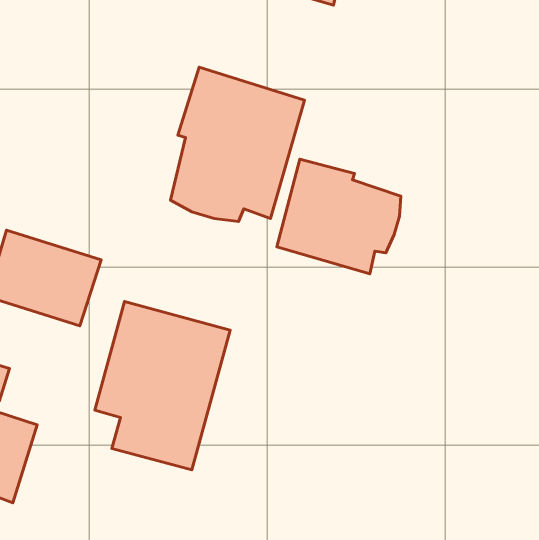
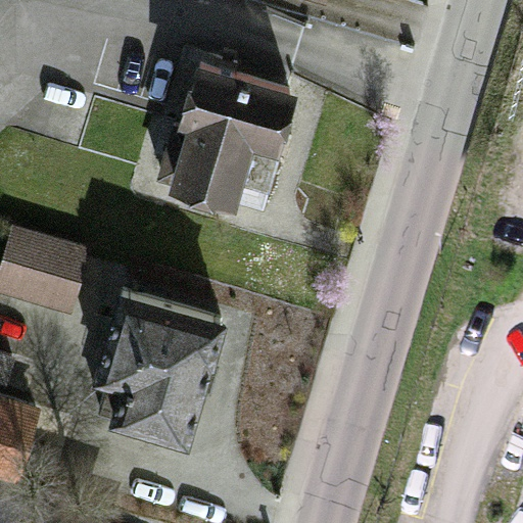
building: [277,159,401,274] -> none

